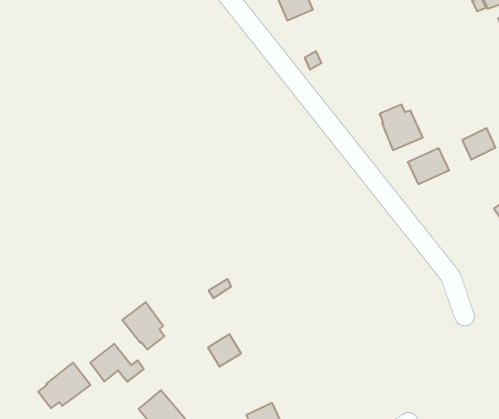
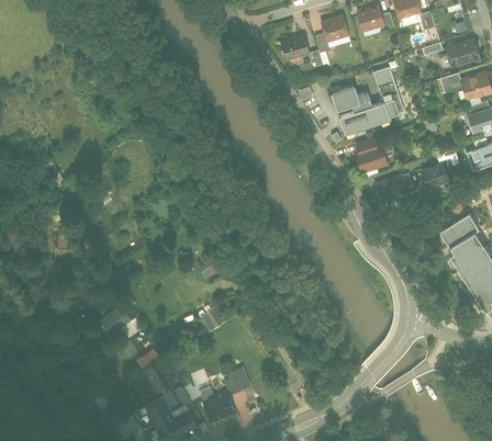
building: none -> [332,61,401,133]
building: [122,302,164,350] -> none
building: [38,363,90,408] -> none

